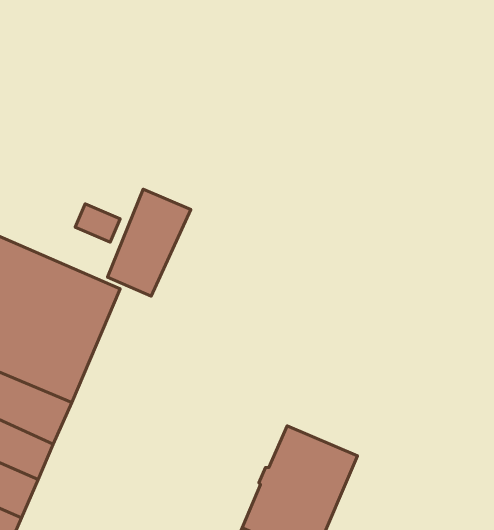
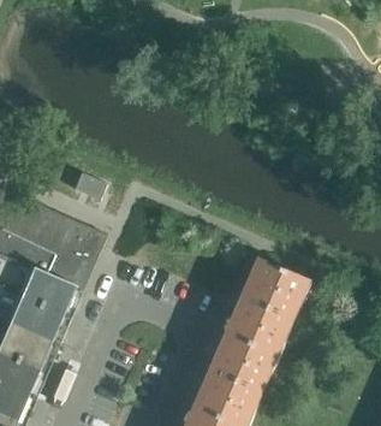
building: [107,189,191,296] -> none
building: none -> [225,260,308,356]

